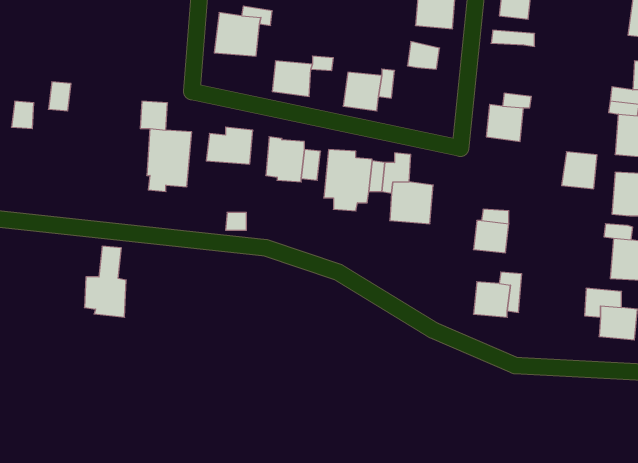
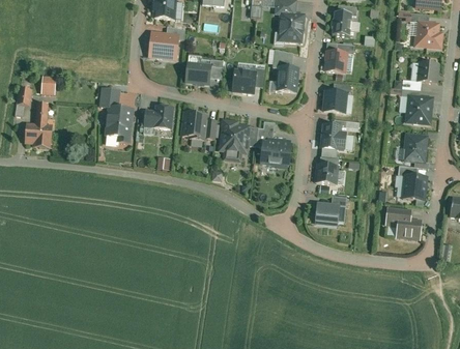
building: none -> [324,51,347,72]
building: none -> [277,66,298,91]
building: [562,152,597,189] -> [319,125,342,149]
building: [84,246,126,317] -> [25,104,52,149]

